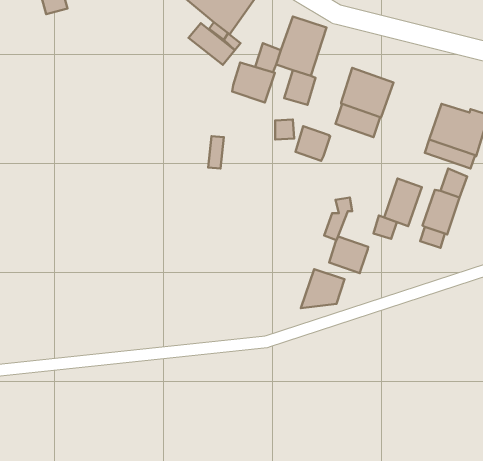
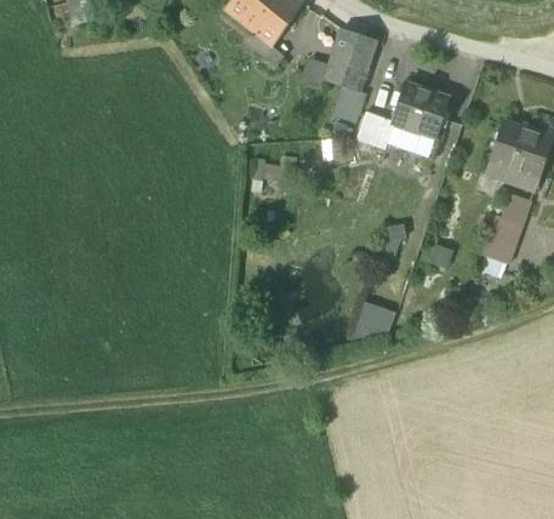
building: [189,23,235,65] -> none
building: [232,62,275,102] -> none
building: [296,126,330,161] -> [356,110,394,148]
building: [384,178,422,226] -> none
building: [329,237,368,273] -> none

